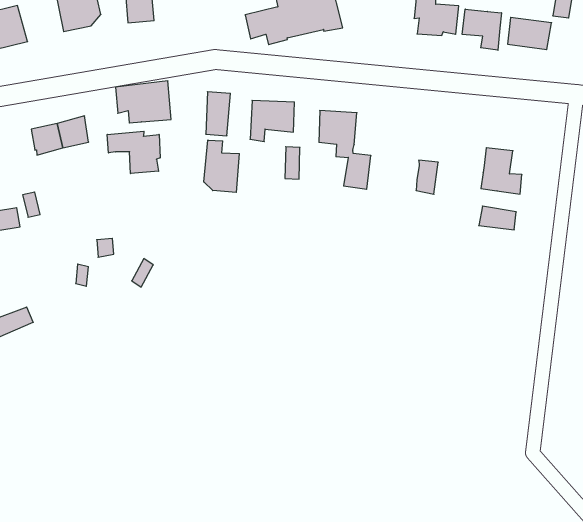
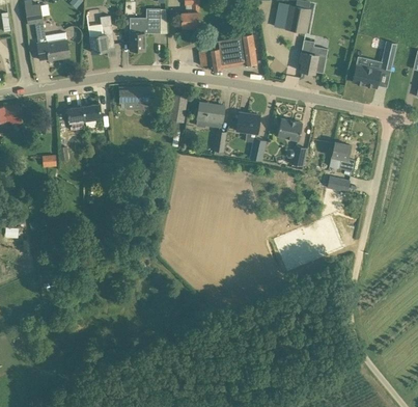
building: [462,9,501,50] -> none
building: none -> [277,117,302,140]
building: [107,131,160,174] -> none
building: [204,140,239,192] -> none

